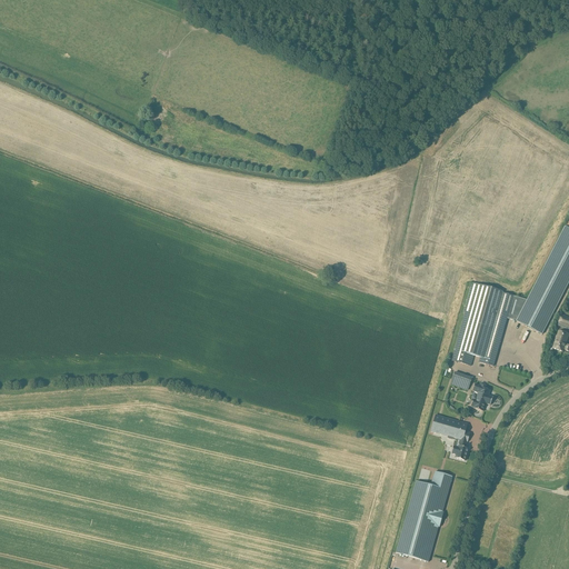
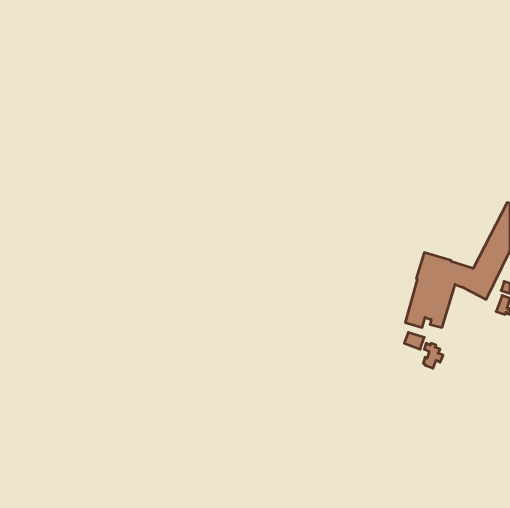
building: [430,413,470,459] -> none
building: [396,470,452,560] -> none

